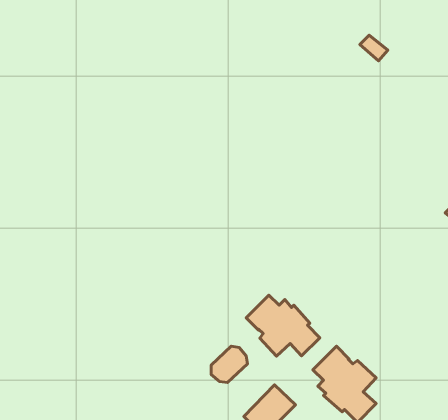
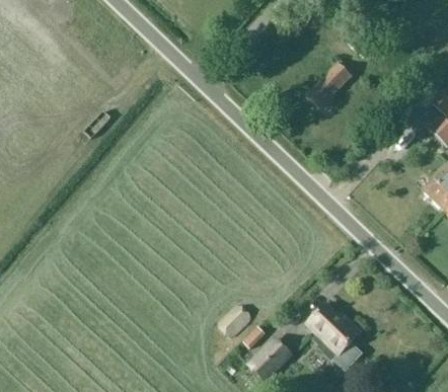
building: none -> [307,60,352,108]
building: [246,295,320,356] -> none

